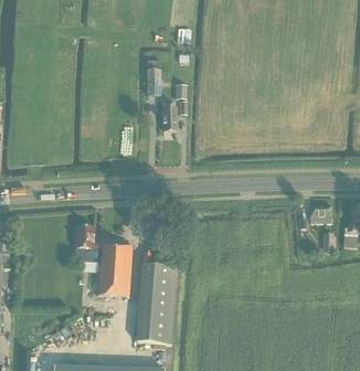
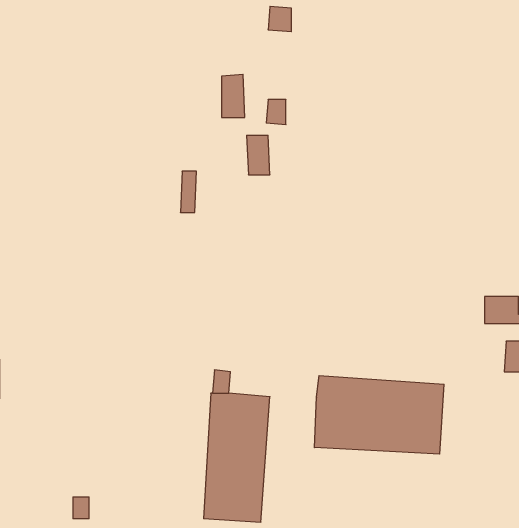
building: [74,226,130,296] -> none
building: none -> [314,376,444,454]

